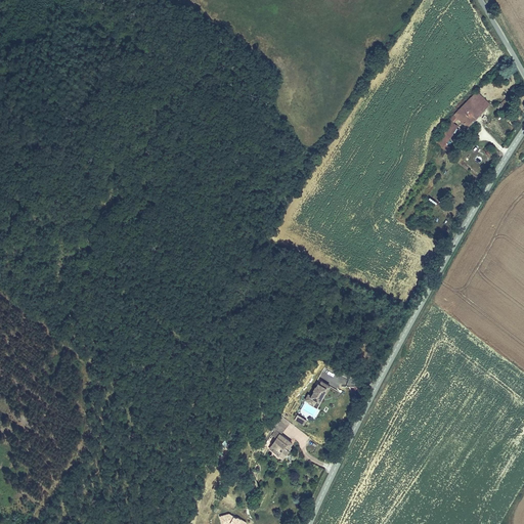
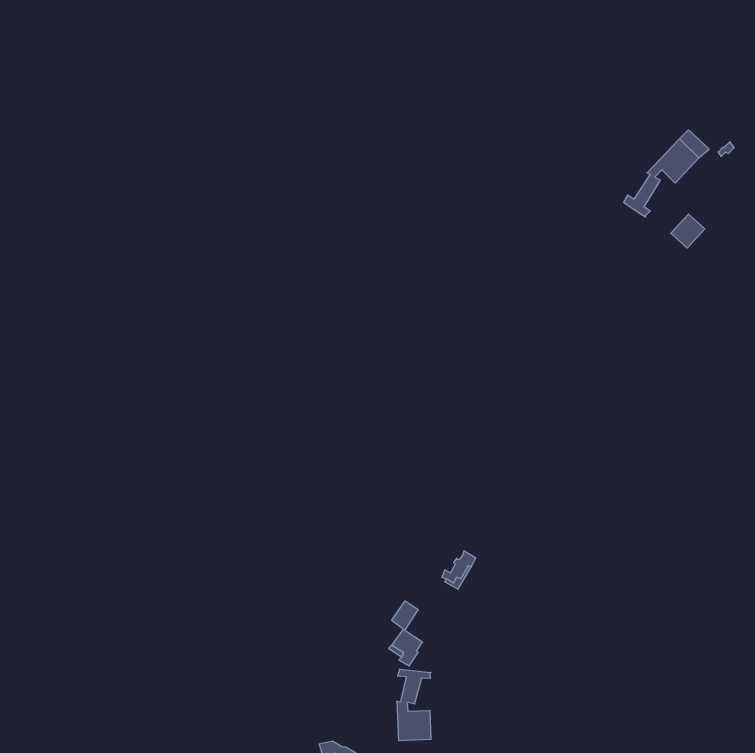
building: none -> [397,669,431,741]

